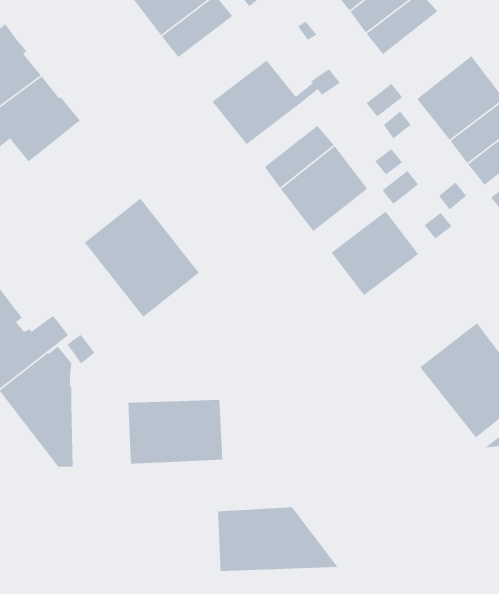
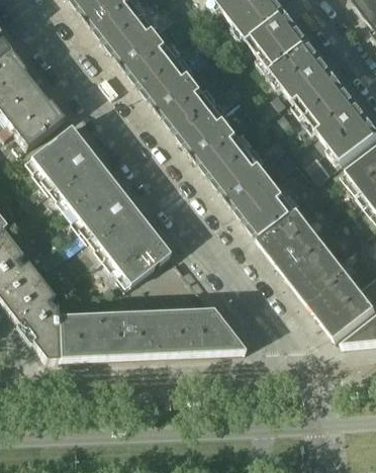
building: none -> [272,40,334,101]
building: none -> [129,43,191,103]
building: none -> [177,104,226,149]
building: none -> [28,124,103,201]
building: none -> [223,164,274,208]
building: none -> [259,208,338,288]
building: none -> [105,222,169,284]
building: none -> [56,312,96,358]
building: [217,507,339,572] -> [159,307,244,353]

